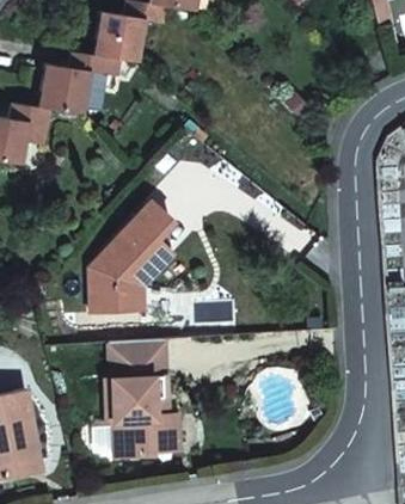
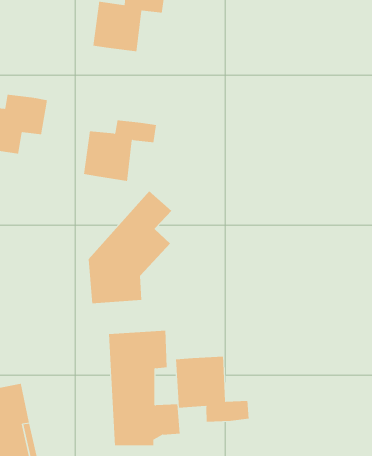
building: [37,54,110,115] -> [83,120,157,181]
building: none -> [175,356,249,422]

